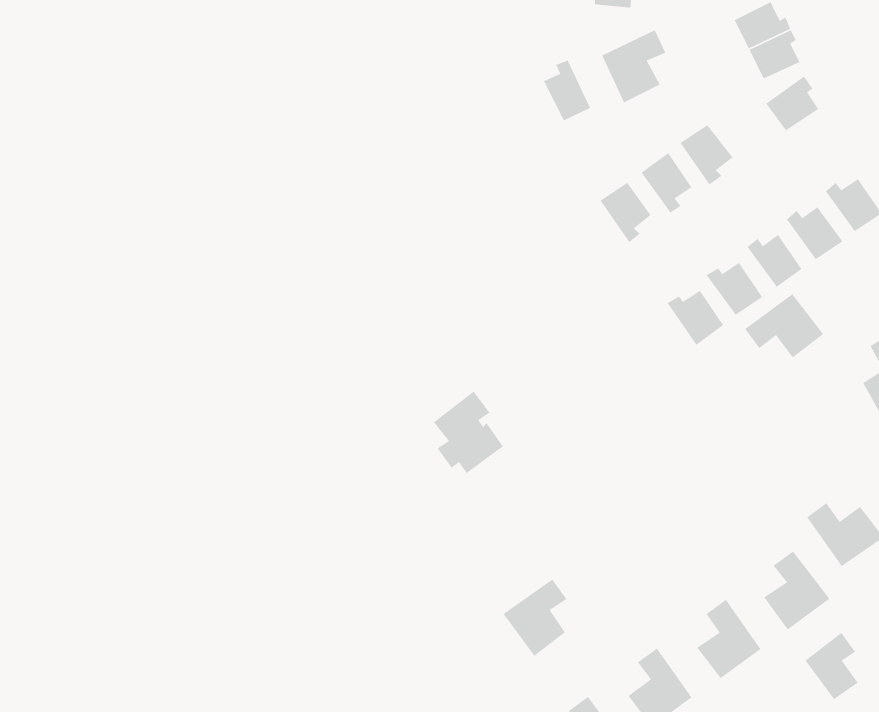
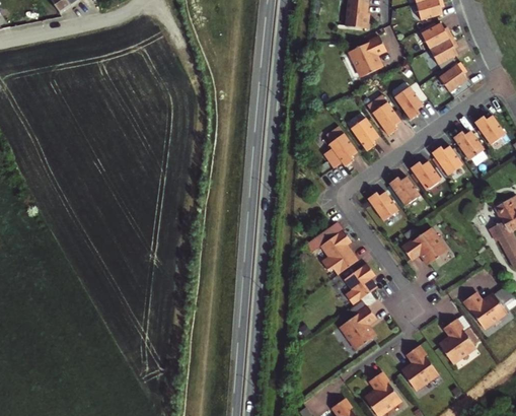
building: [543,59,591,121] -> none
building: none -> [327,133,357,166]
building: [744,293,824,359] -> [401,228,445,264]
building: none -> [366,192,397,221]
building: [433,390,504,474] -> [318,230,357,276]
building: none -> [343,264,376,305]
building: [502,579,568,657] -> [340,307,375,350]
building: [805,632,859,700] -> none

